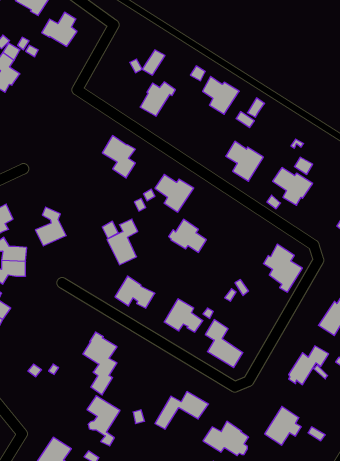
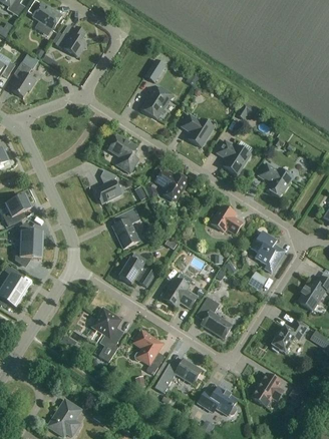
building: [203,76,239,114] -> [182,113,214,146]
building: [35,207,66,246] -> [94,168,121,202]
building: [169,219,206,252] -> [209,204,242,234]
building: [87,396,120,446] -> [133,330,162,374]

